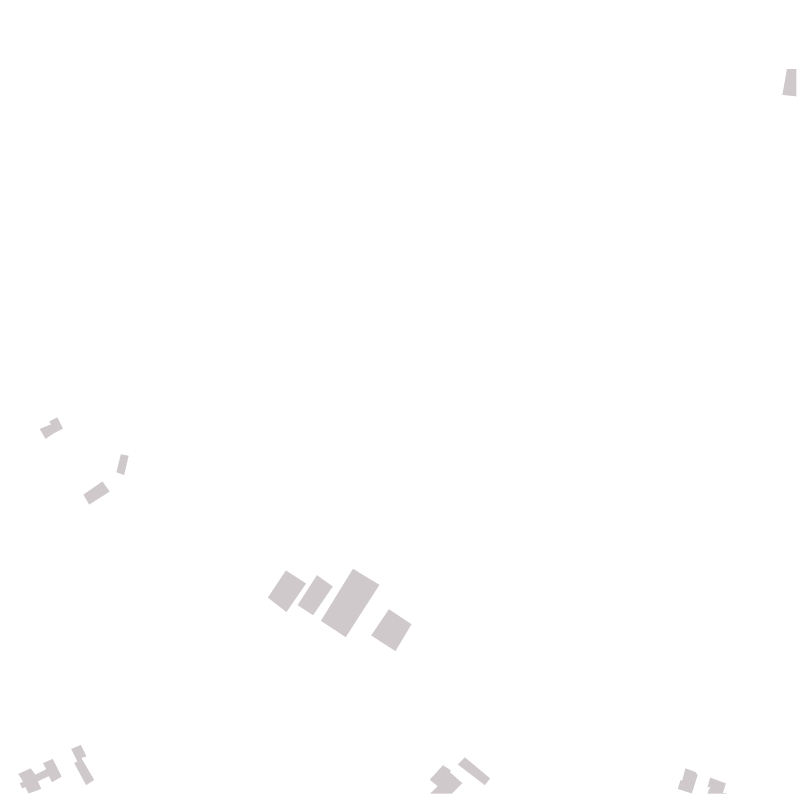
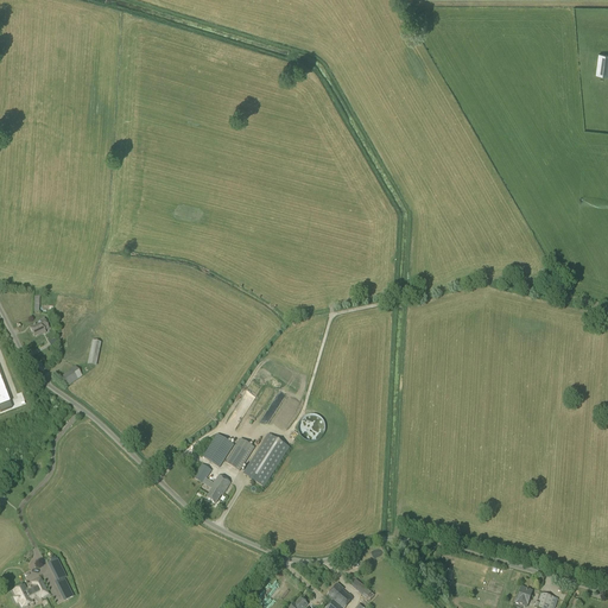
building: [370,608,412,652] -> none
building: none -> [194,463,230,502]

